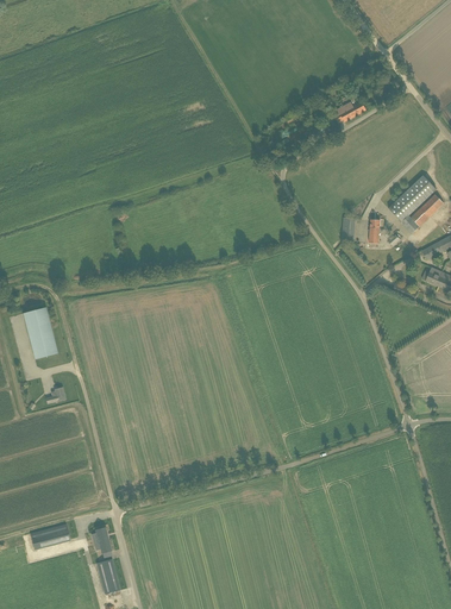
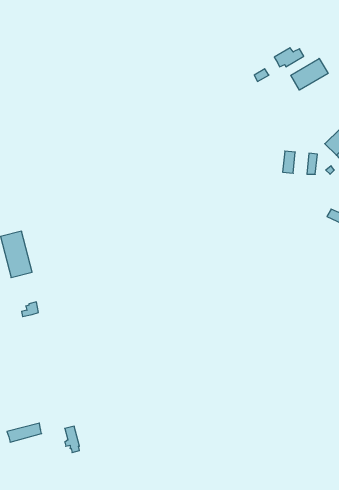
building: none -> [291,58,328,90]
building: [96,558,121,594] -> none

